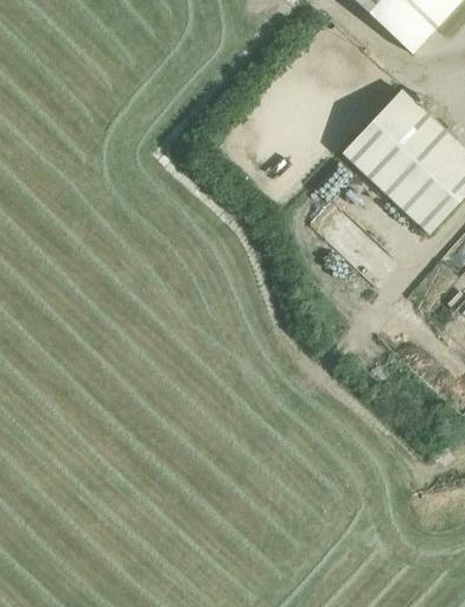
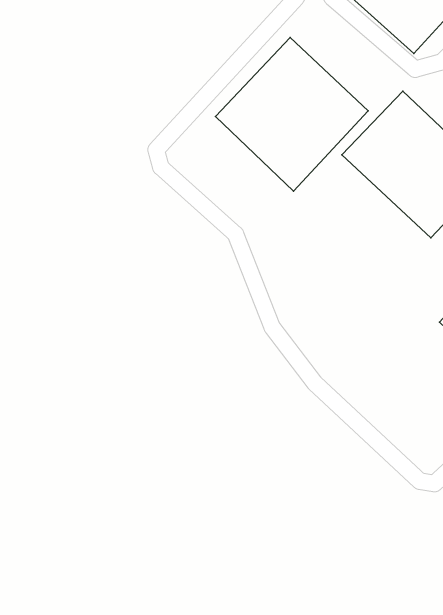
building: none -> [216,38,368,191]

